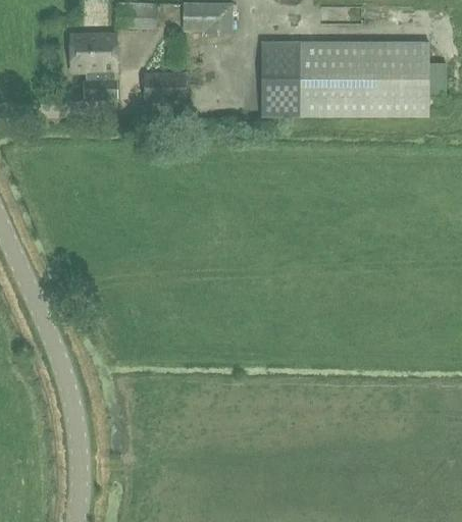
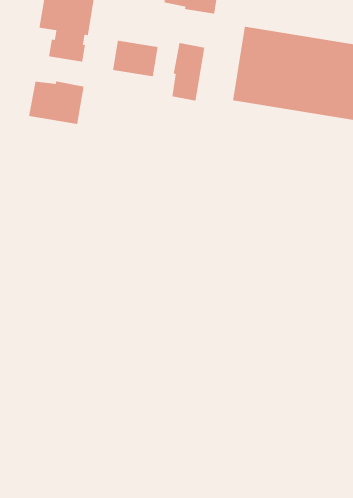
building: none -> [172,42,205,101]
building: none -> [28,81,85,125]

